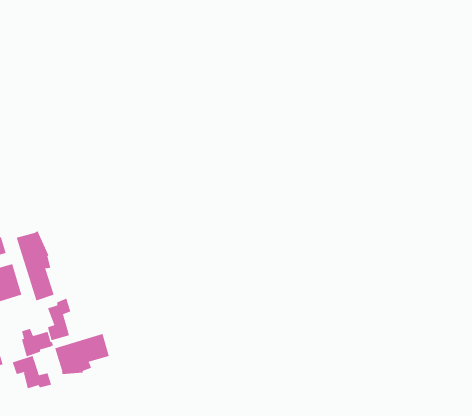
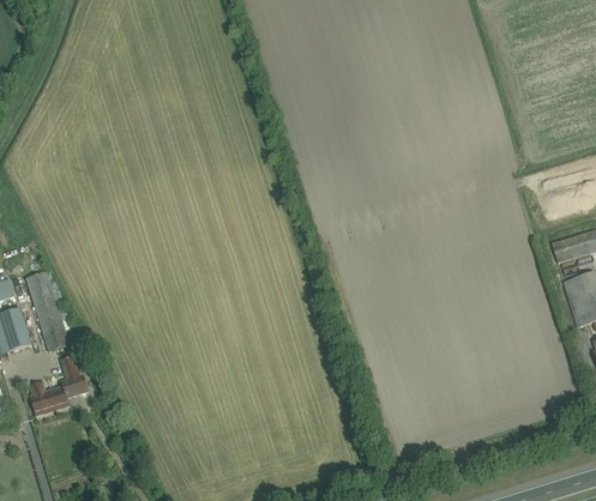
building: [54,333,109,375] -> none
building: [12,355,52,389] -> none

